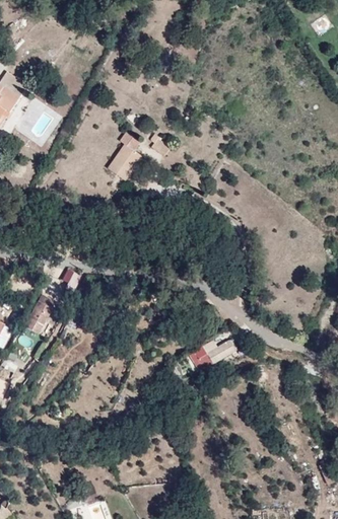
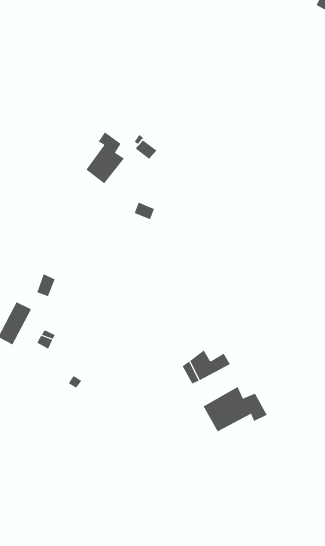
building: none -> [203,386,267,432]

